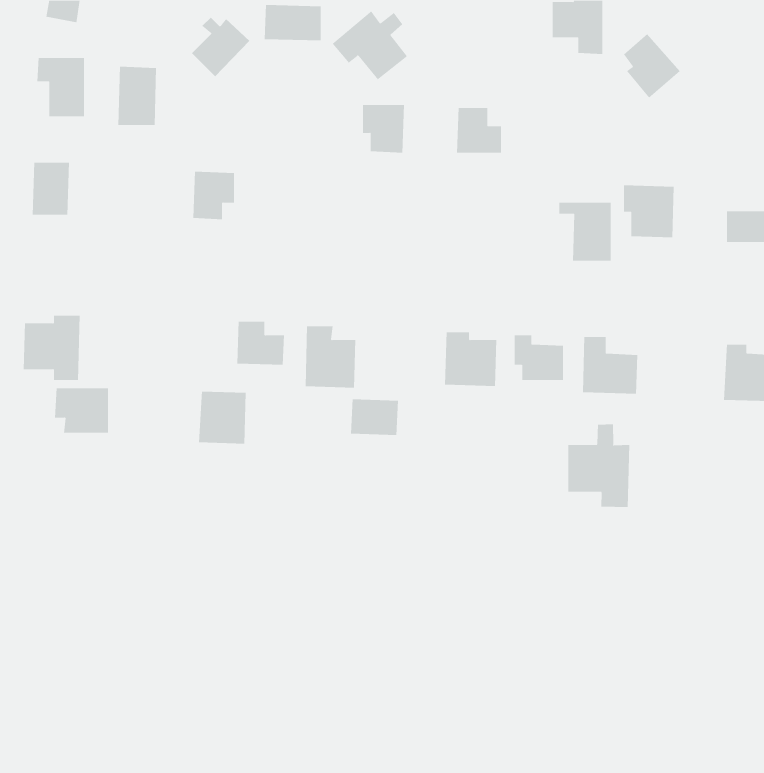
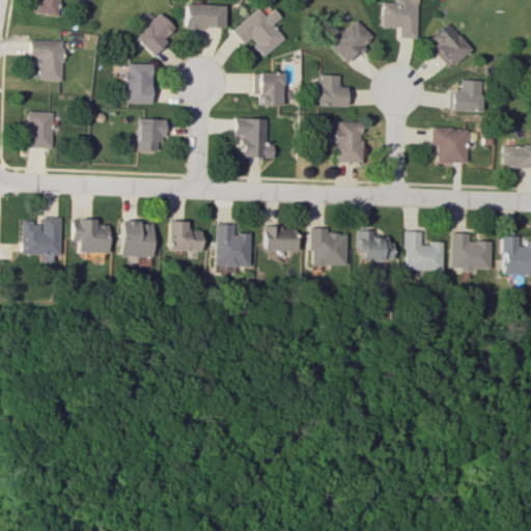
building: none -> [331,19,375,63]
building: [118,66,157,125] -> [128,63,155,104]
building: none -> [452,80,483,111]
building: none -> [236,118,275,158]
building: [558,202,611,261] -> [328,121,364,162]
building: none -> [451,233,491,271]
building: [54,388,109,433] -> [73,221,110,252]
building: [198,391,247,444] -> [121,221,155,257]
building: [350,399,399,435] -> [264,227,298,252]
building: [568,424,630,508] -> none

